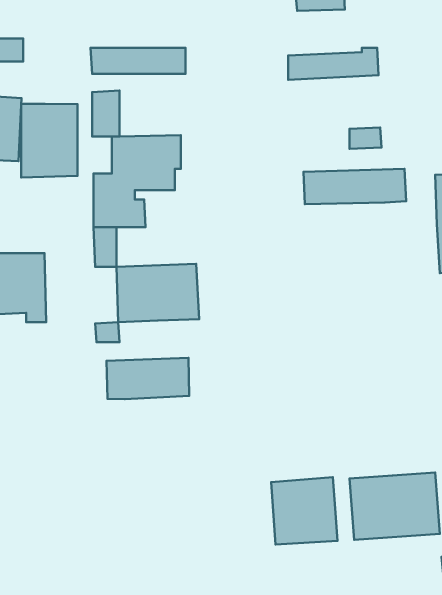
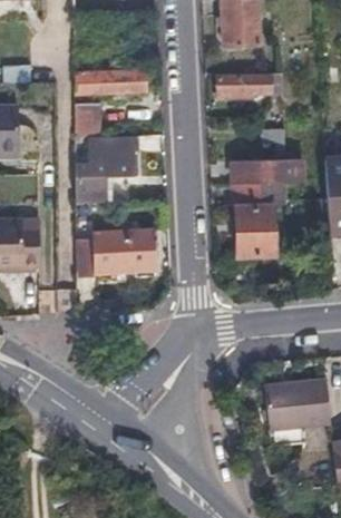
building: [21,104,77,177] -> none
building: none -> [231,184,290,256]
building: [106,358,189,399] -> none
building: [271,477,337,545] -> none

